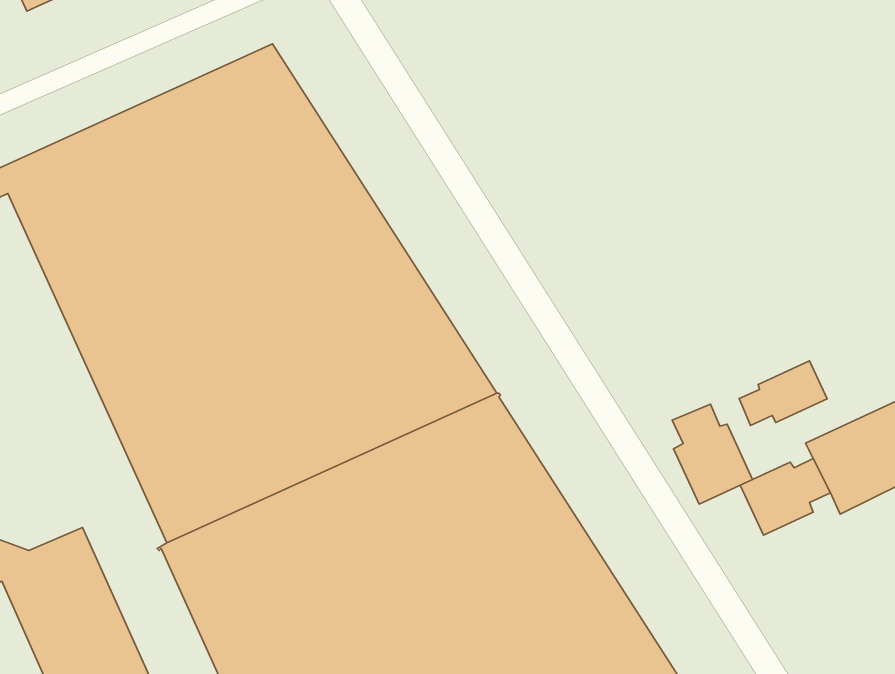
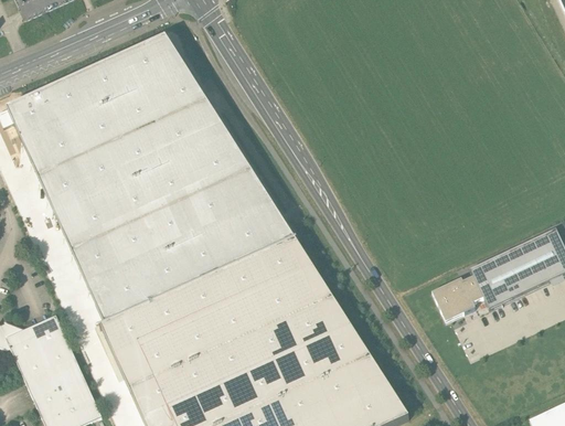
building: [739,361,827,426] -> none
building: [672,404,753,504] -> none

